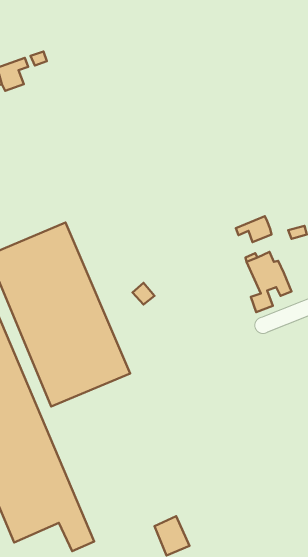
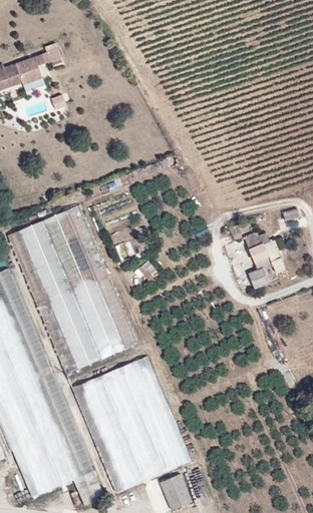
building: [236,216,272,242] -> none
building: none -> [71,357,191,492]

